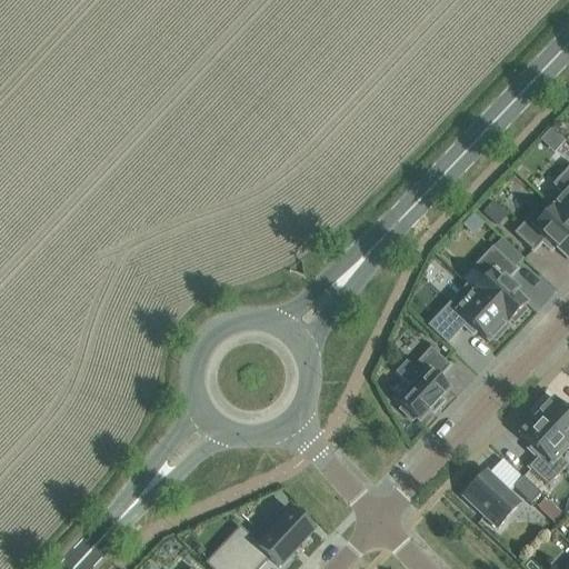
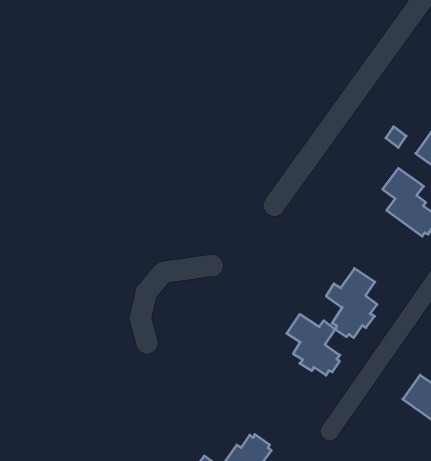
building: [428,280,509,341] -> none
building: none -> [287,314,340,375]

